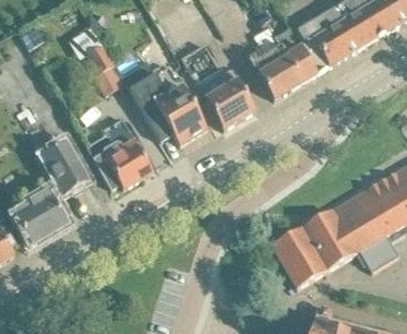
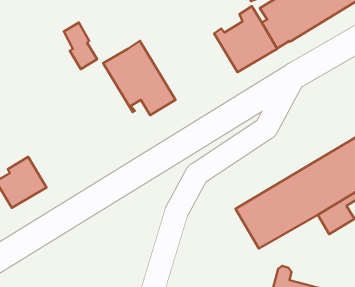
building: [181,44,255,129] -> none
building: [86,117,153,188] -> none
building: [41,142,88,194] -> none

